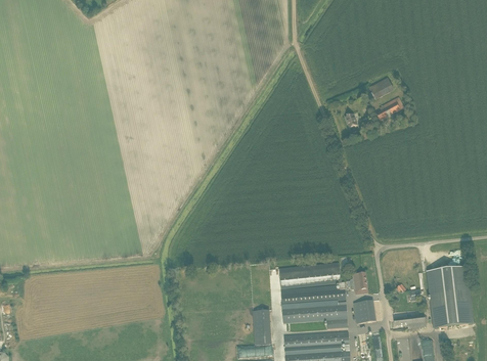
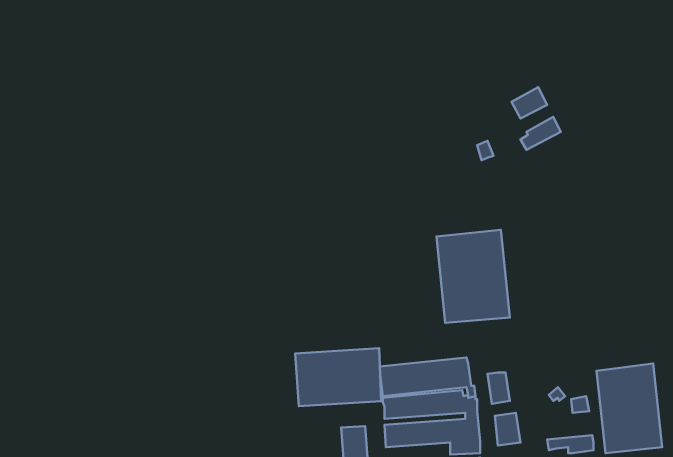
building: none -> [436,230,510,323]
building: none -> [295,348,381,406]

